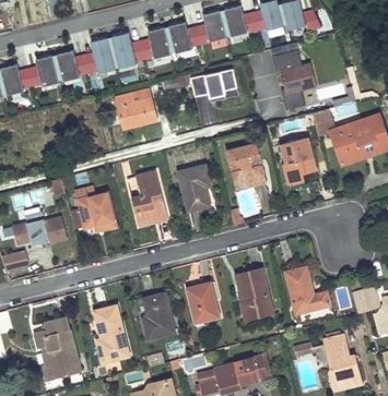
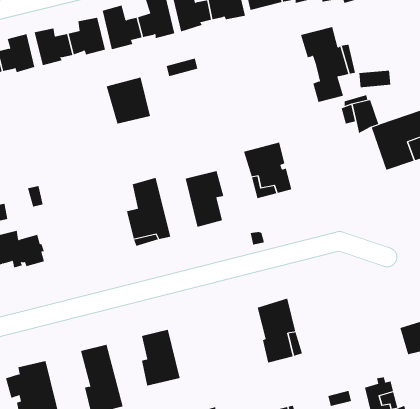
building: [190,68,238,101] -> none
building: [281,136,316,184] -> none
building: [69,187,116,229] -> none
building: [285,266,330,312] -> none
building: [187,280,220,323] -> none

